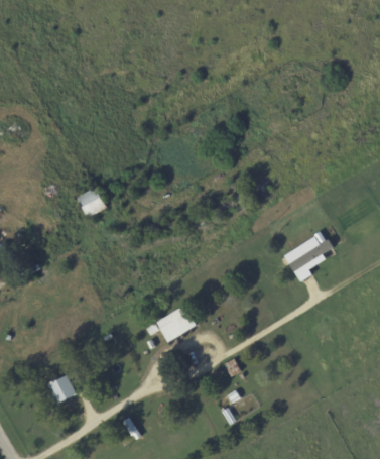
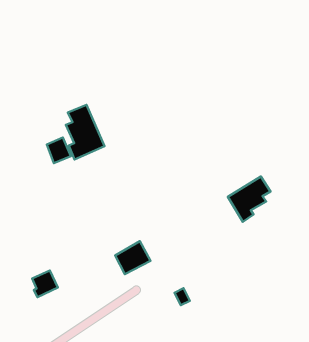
building: none -> [66,105,104,160]
building: [48,375,78,406] -> [32,271,58,297]

